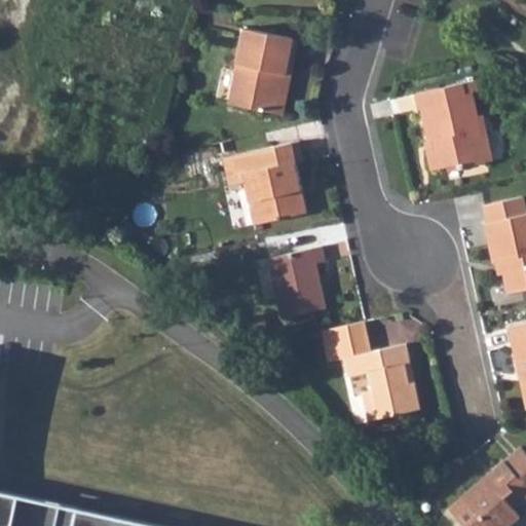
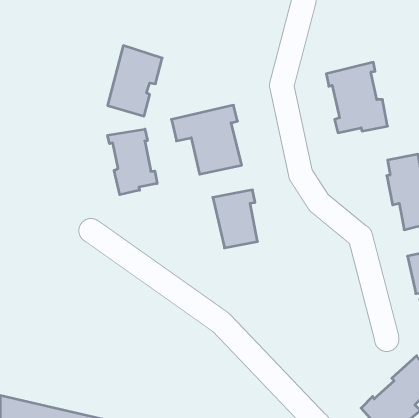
building: [227,28,295,115] -> [108,46,162,116]
building: none -> [108,129,157,195]
building: [322,320,419,418] -> none

